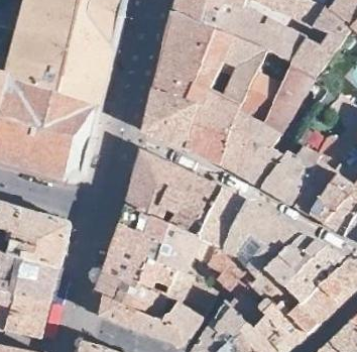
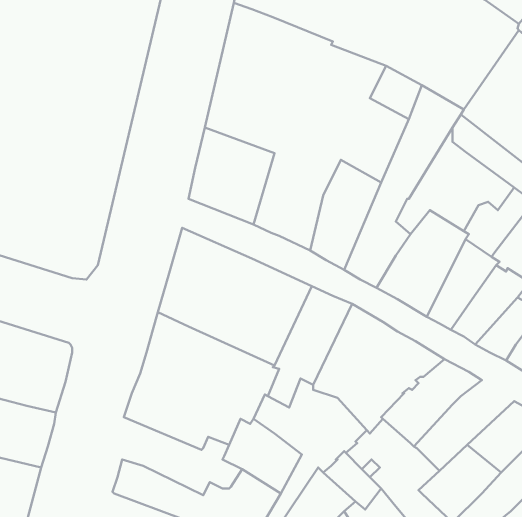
building: [207,244,255,295] -> none
building: [284,245,347,302] -> none
building: [95,268,166,317] -> none

